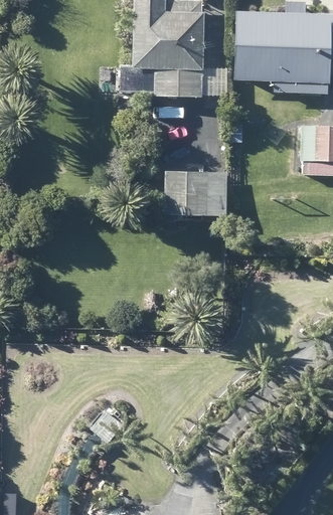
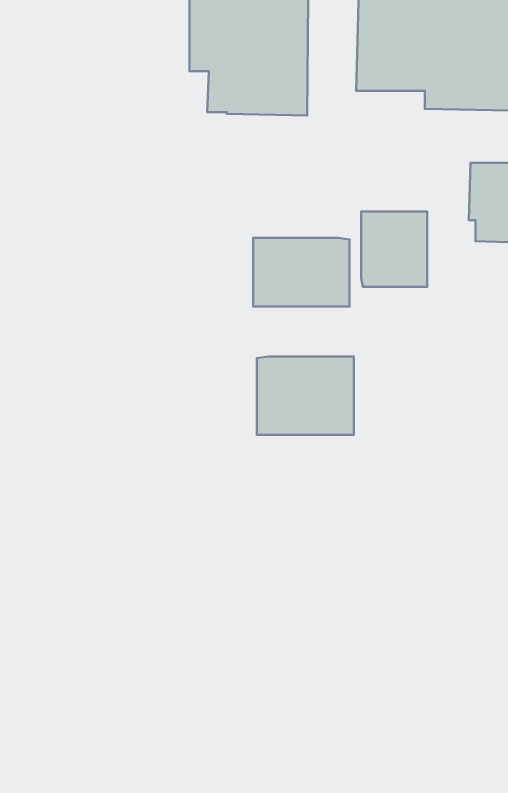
building: none -> [361,212,427,287]
building: none -> [257,356,354,435]

